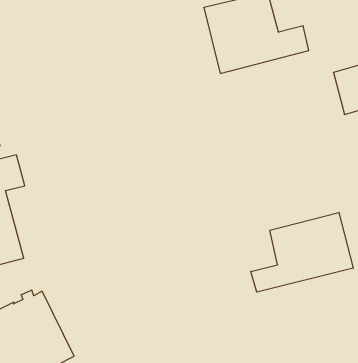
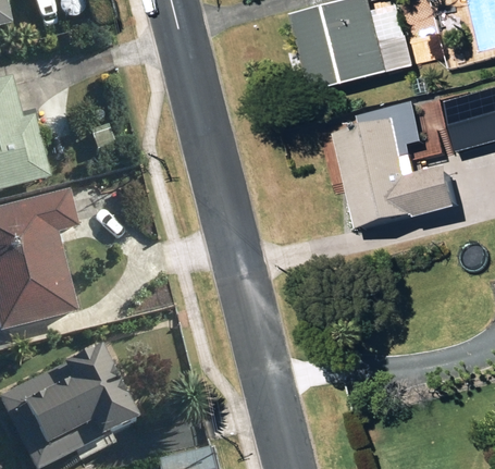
building: none -> [333,100,457,230]
building: [251,212,353,292] -> none

